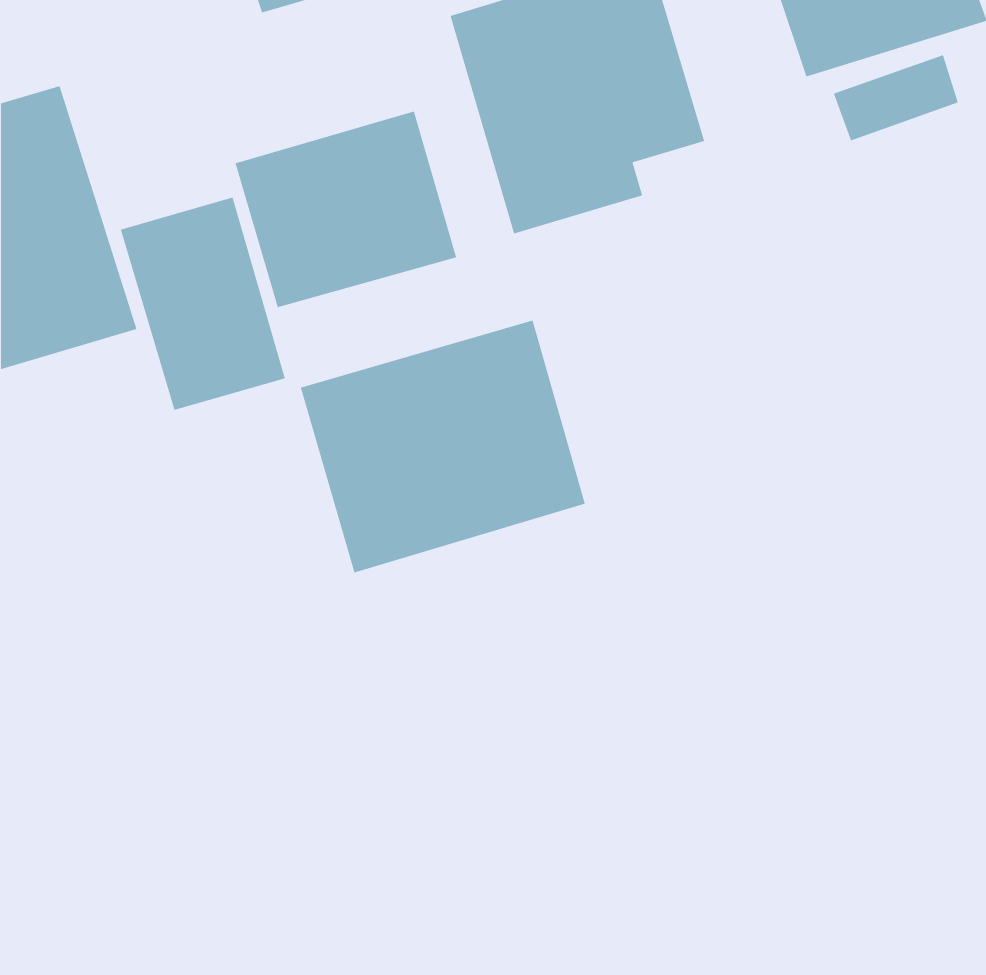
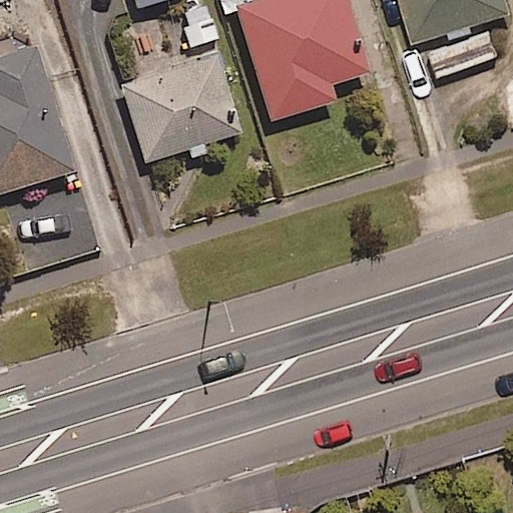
building: [120,197,286,411] -> none
building: [300,320,586,574] -> none

